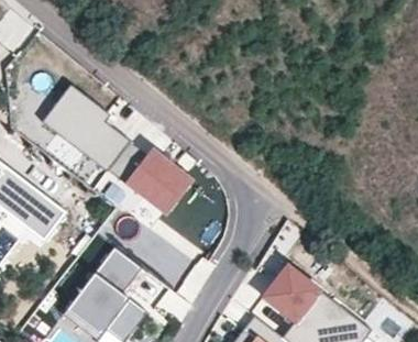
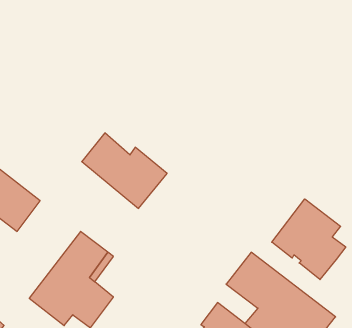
building: [46,86,135,175] -> none
building: none -> [272,199,346,280]

